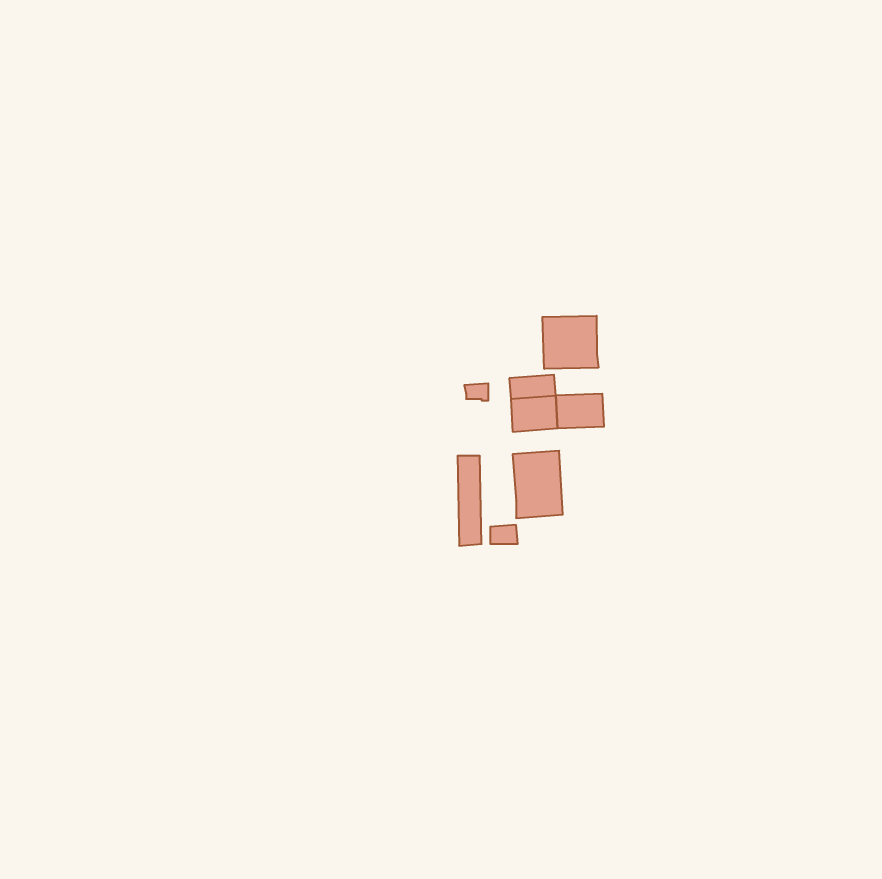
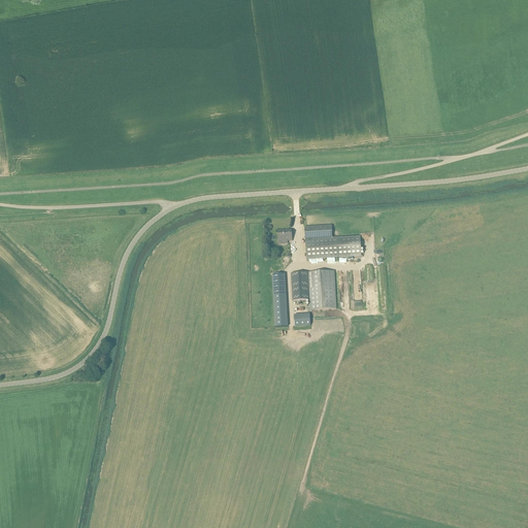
building: [542,316,598,369] -> none
building: none -> [291,271,308,300]

